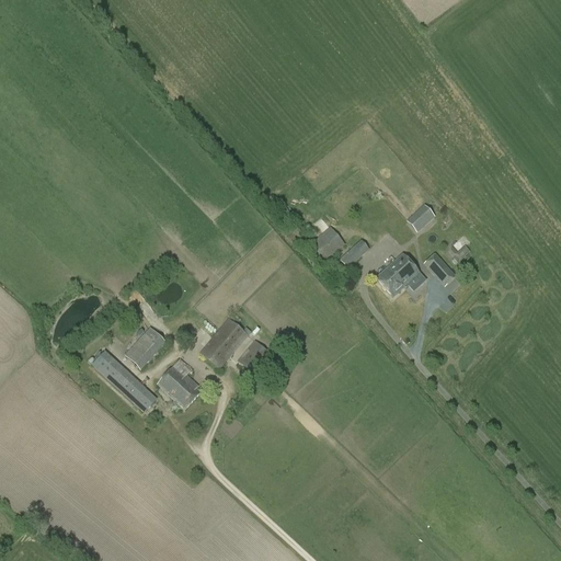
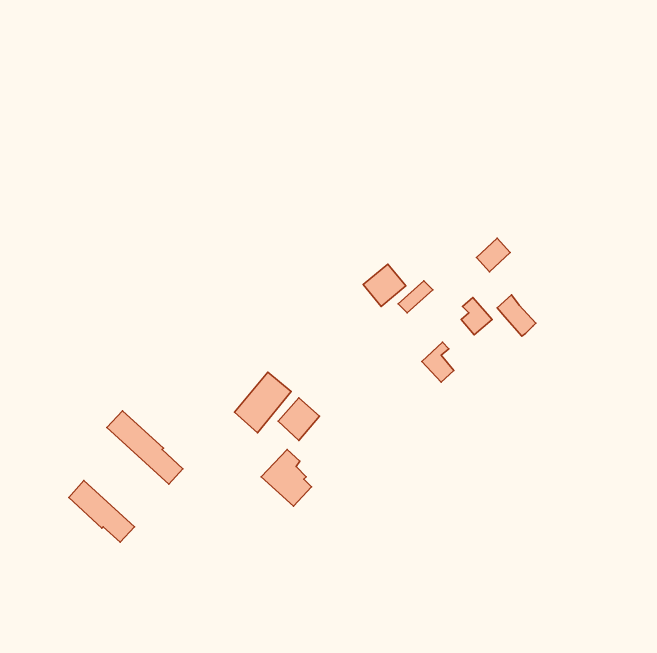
building: [377,261,404,295] -> [422,342,454,382]
building: [125,325,167,368] -> none
building: [158,359,201,408] -> [261,450,311,506]
building: none -> [69,481,134,542]

